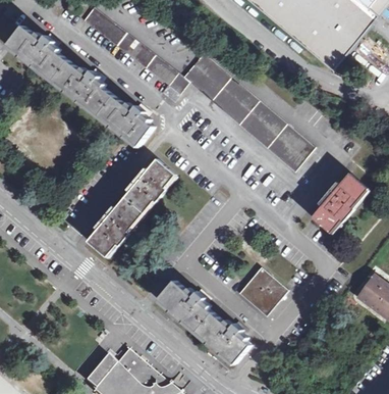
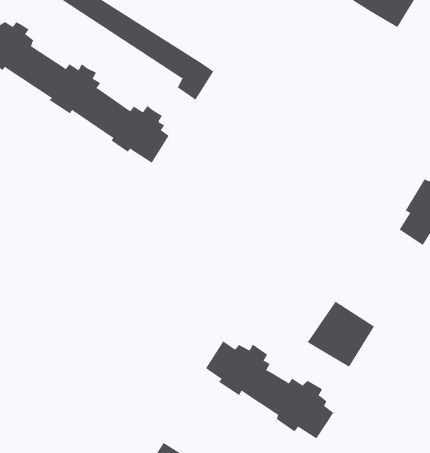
building: [186,56,316,173] -> none
building: [89,162,173,256] -> none

